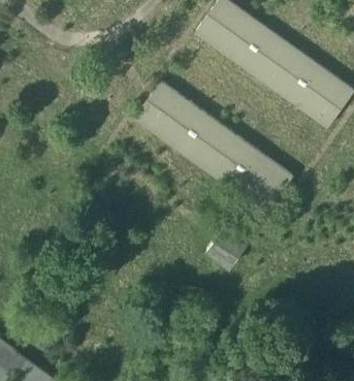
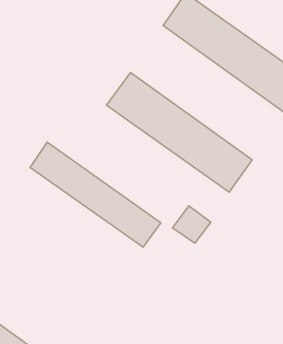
building: none -> [30,142,161,247]

